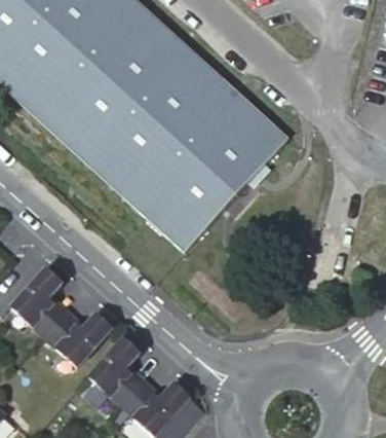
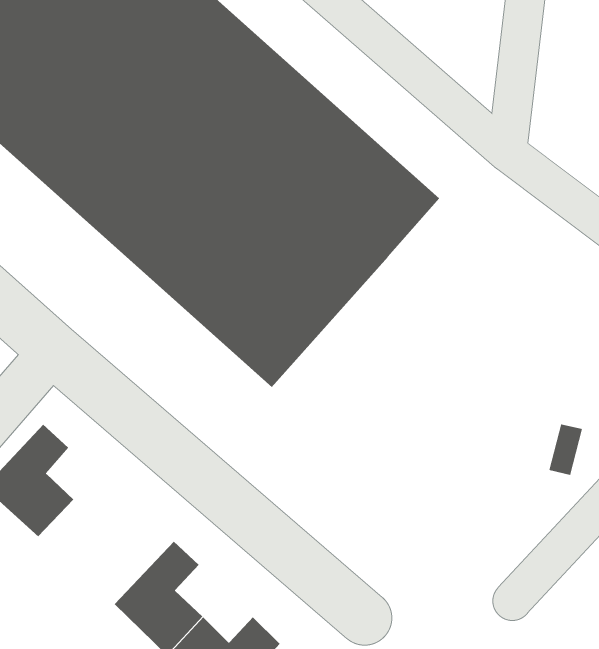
building: [44,315,113,367] -> none

